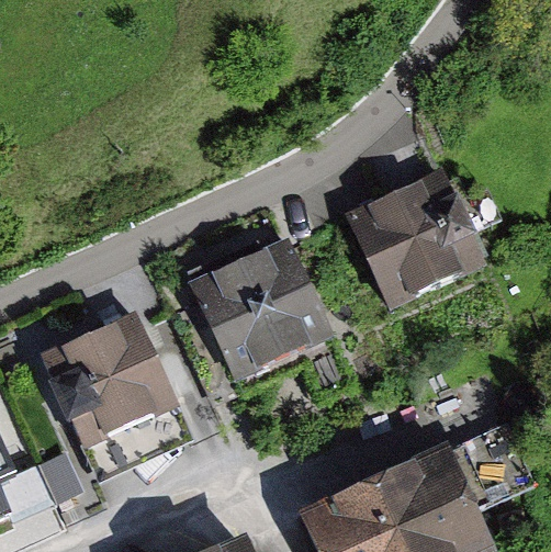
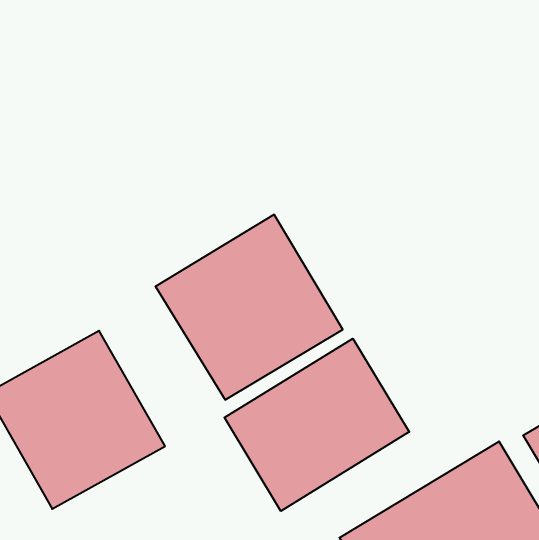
building: [355,172,487,308] -> none
building: none -> [224,339,409,511]

